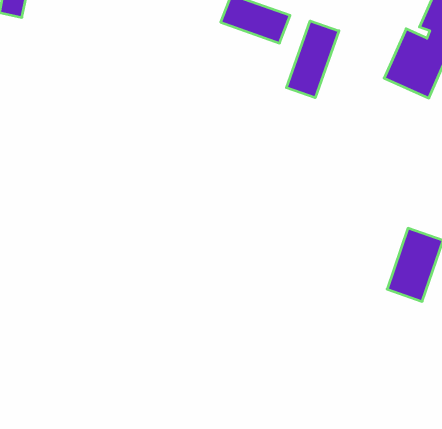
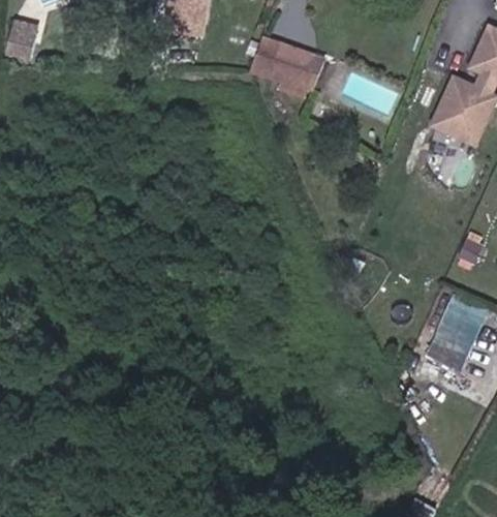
building: [286,21,339,98] -> none

